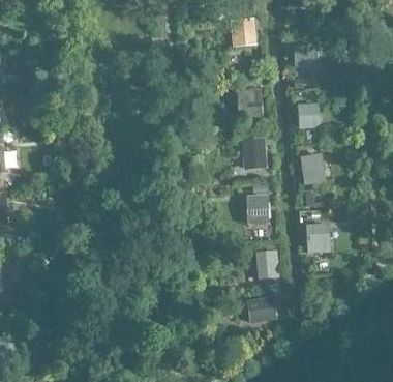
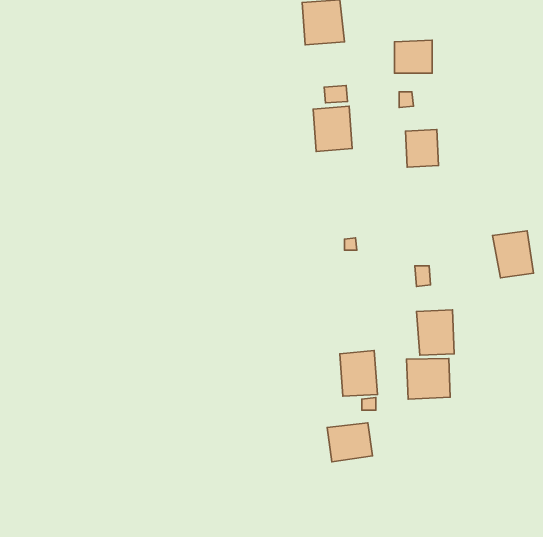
building: [241,137,267,170] -> none
building: [299,153,326,184] -> [493,231,533,278]
building: [246,195,268,224] -> none
building: none -> [406,359,450,399]

